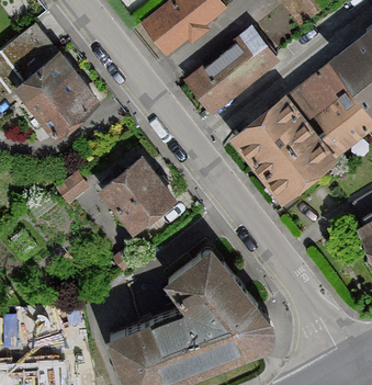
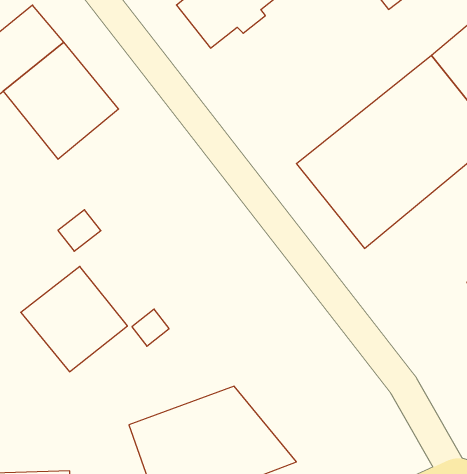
building: [184,26,274,111] -> none
building: [97,155,176,233] -> [21,266,127,372]
building: [165,245,274,361] -> none

